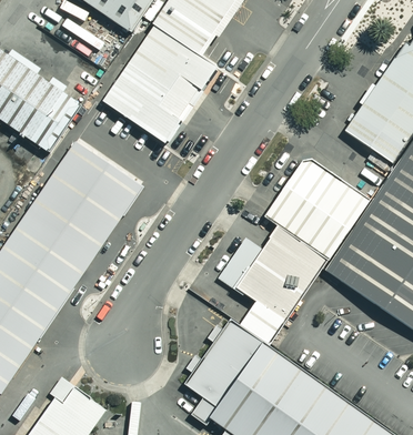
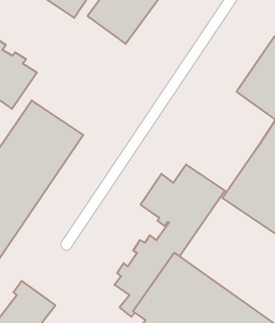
building: [94,30,214,151] -> none
building: [262,160,371,262] -> none

